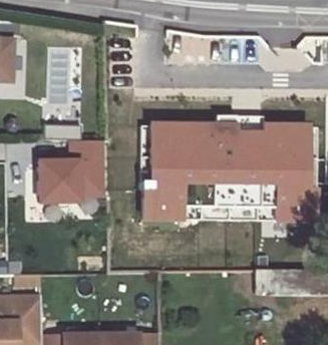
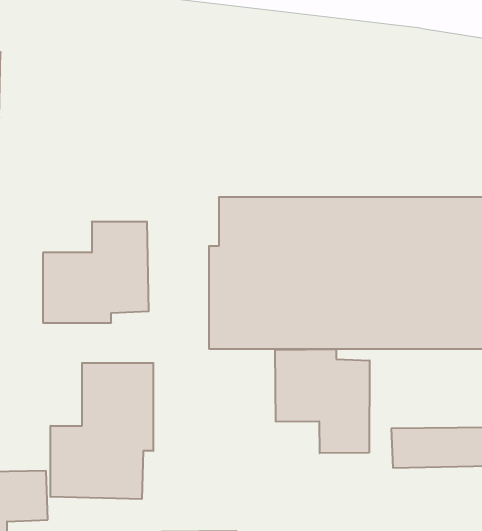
building: none -> [275,349,370,453]
building: none -> [51,363,153,499]

